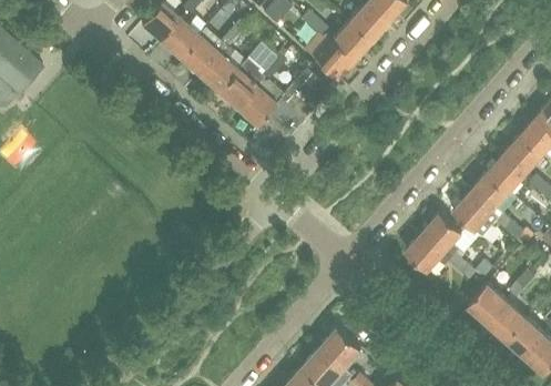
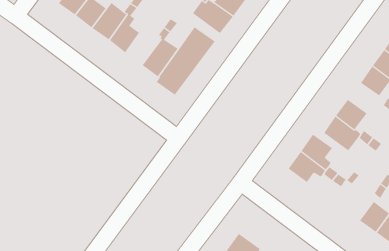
building: [218,59,264,110] -> none
building: [487,155,527,194] -> none
building: [468,285,508,325] -> none

